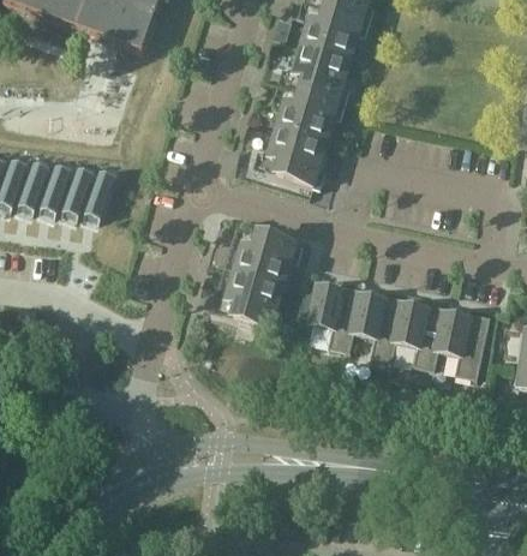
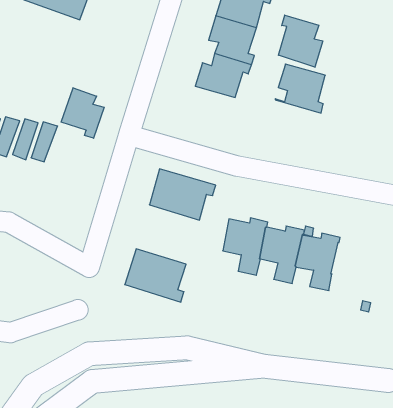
building: none -> [278,15,323,67]
building: [265,127,324,185] -> [275,64,325,113]
building: none -> [61,88,104,138]
building: [210,267,282,329] -> [125,249,186,302]
building: [437,310,490,377] -> none

